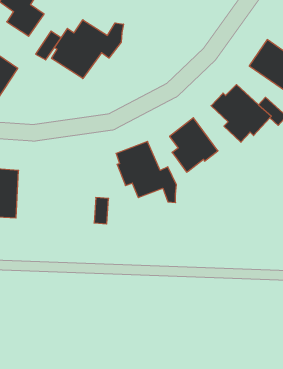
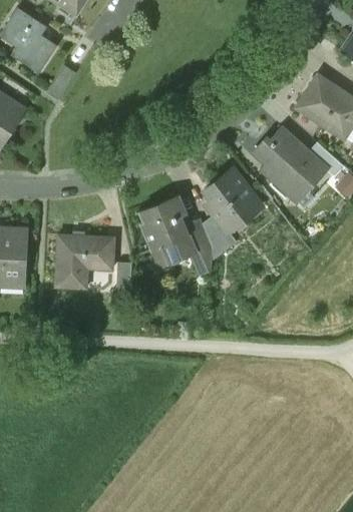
building: [52,20,123,79] -> none
building: none -> [202,217,234,259]
building: none -> [54,235,113,289]

